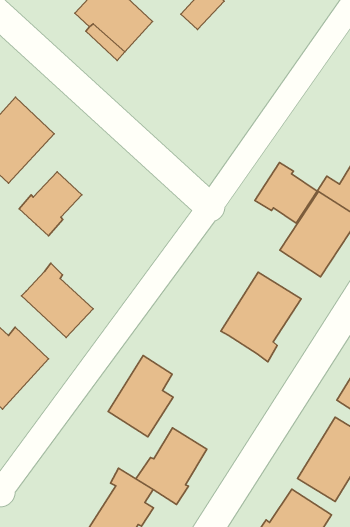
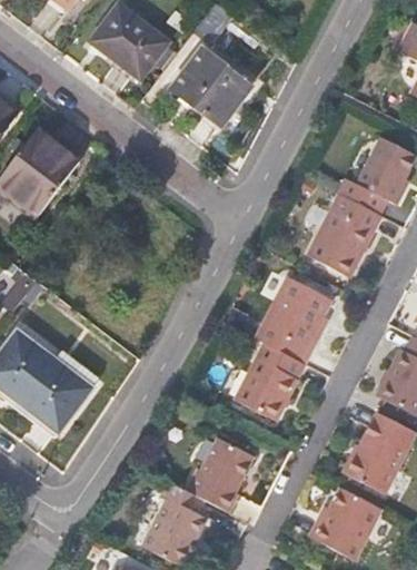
building: none -> [167,47,246,125]
building: [255,163,317,223] -> none
building: [19,172,82,236] -> none
building: [21,263,93,337] -> none
building: [108,356,173,437] -> [237,341,299,420]

